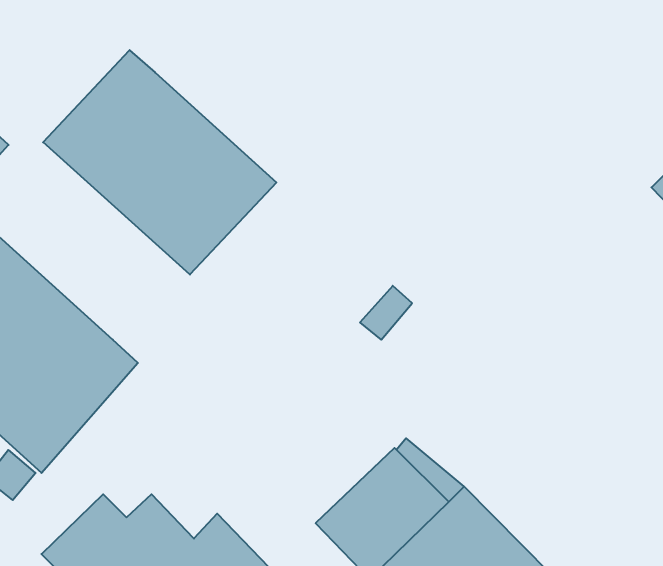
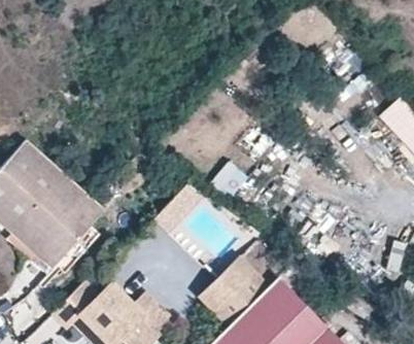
building: [43,50,276,275] -> none

